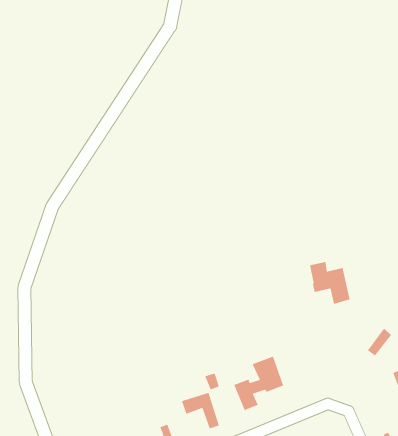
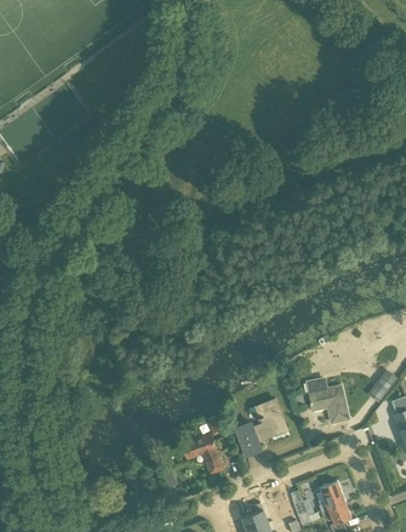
building: [309,261,350,305] -> [307,381,348,424]

